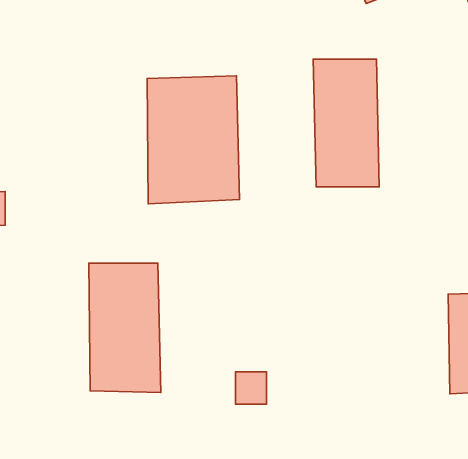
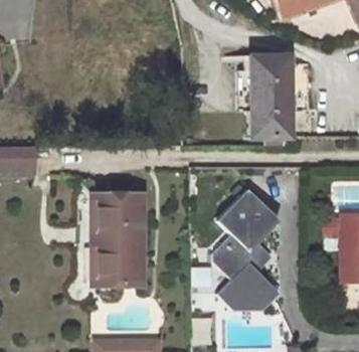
building: [147,76,239,204] -> none
building: none -> [212,188,281,312]

